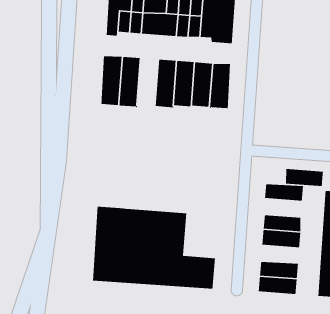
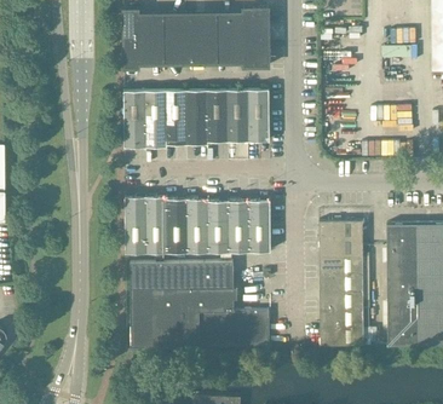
building: none -> [166,90,186,145]
building: none -> [125,196,270,261]
building: [285,168,324,187] -> [318,238,362,256]
building: none -> [320,292,363,310]

